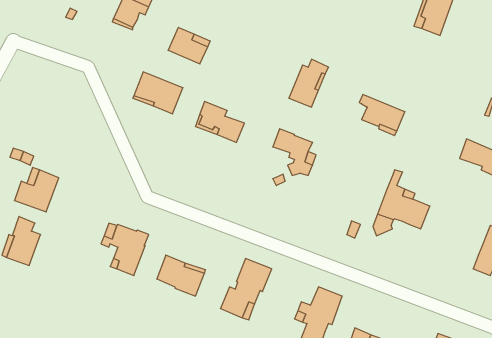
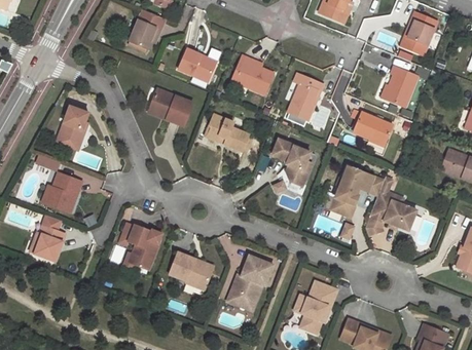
building: none -> [235,54,274,92]
building: none -> [384,65,417,106]
building: none -> [58,107,87,145]
building: none -> [329,164,383,216]

